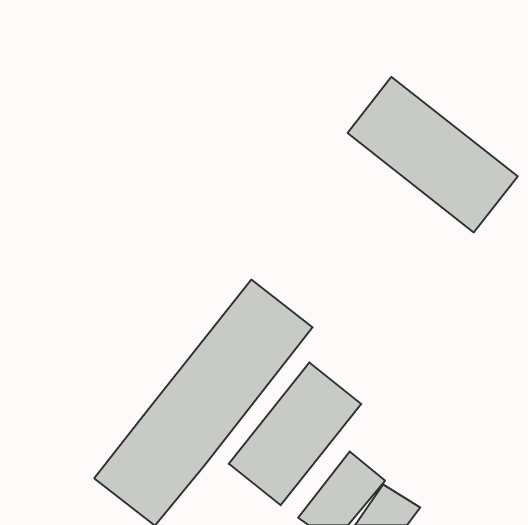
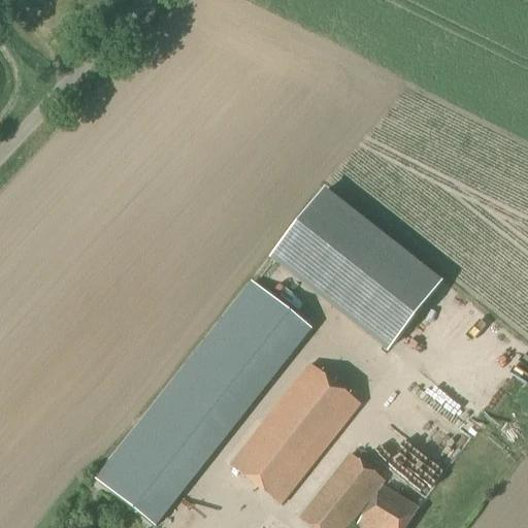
building: [348,77,518,232] -> none
building: none -> [273,190,440,345]

